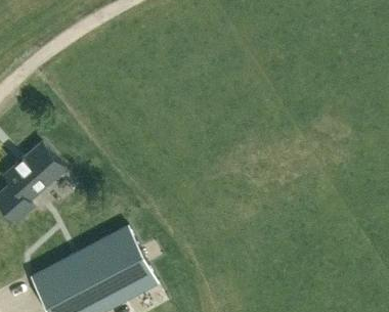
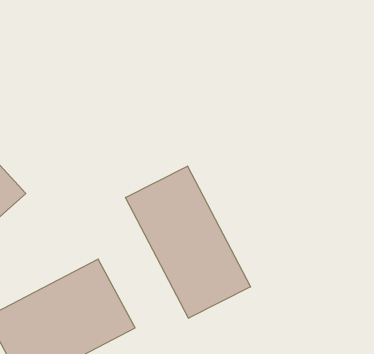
building: none -> [125,166,251,318]

